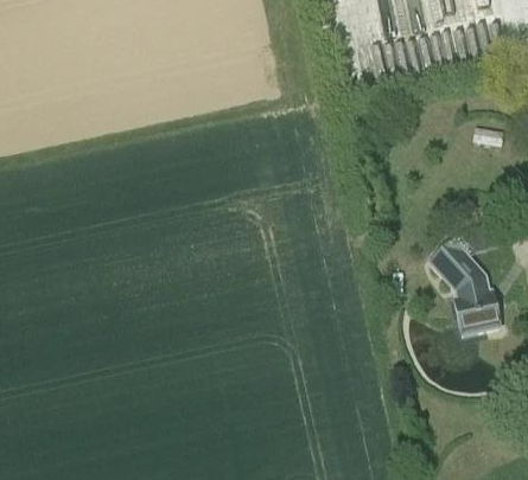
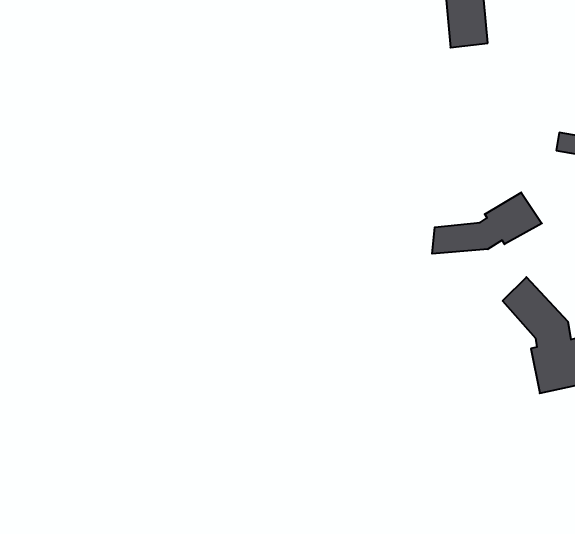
building: none -> [432,192,542,254]

